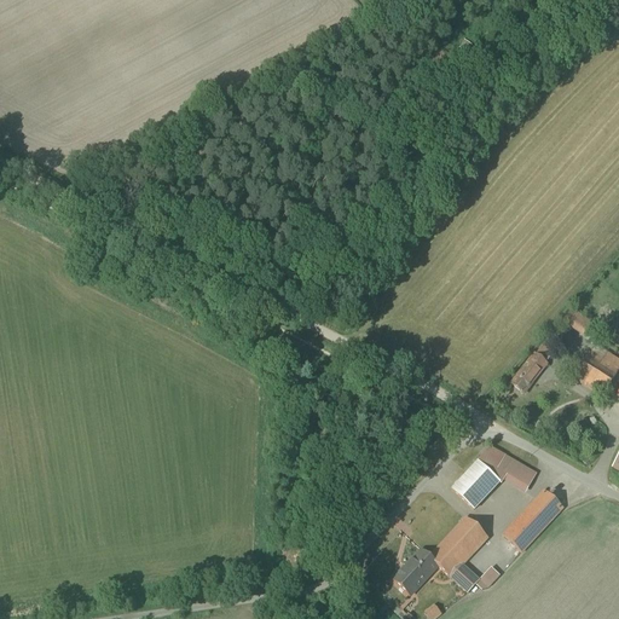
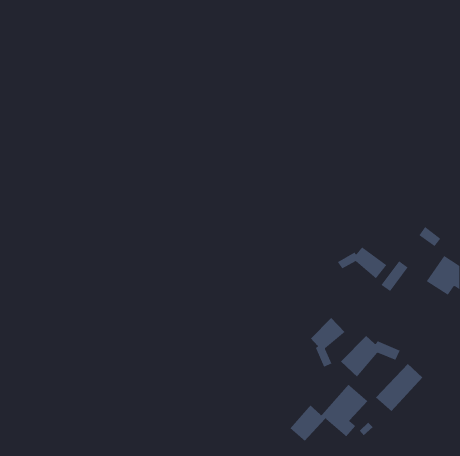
building: none -> [337,246,387,279]
building: none -> [310,317,345,367]

